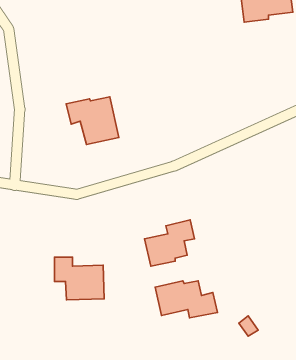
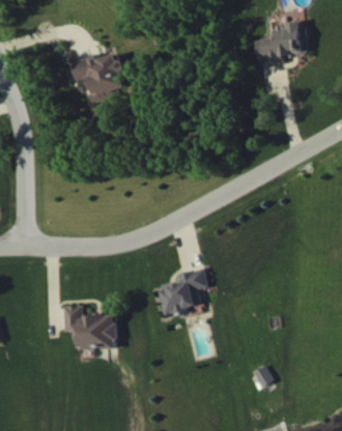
building: [66,97,119,144] -> [73,54,126,103]
building: [155,281,218,318] -> none

